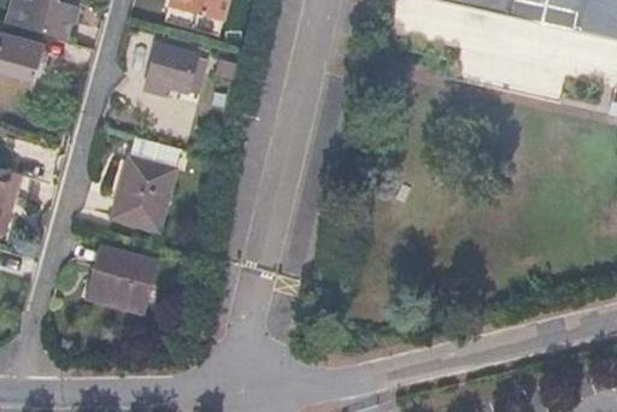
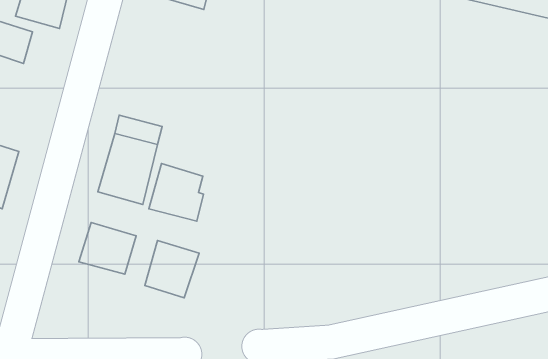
building: [146,46,194,94] -> none
building: none -> [149,163,204,221]
building: none -> [145,241,199,298]

